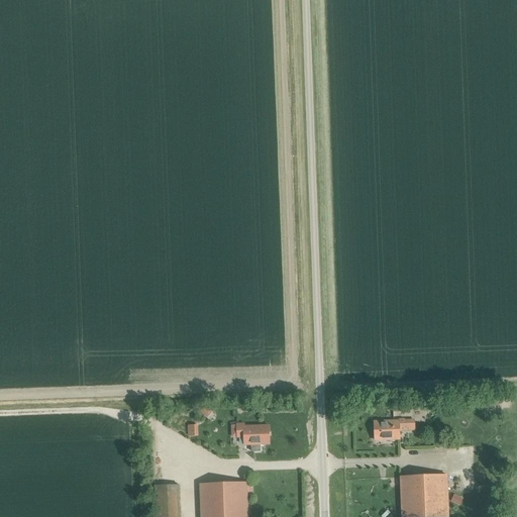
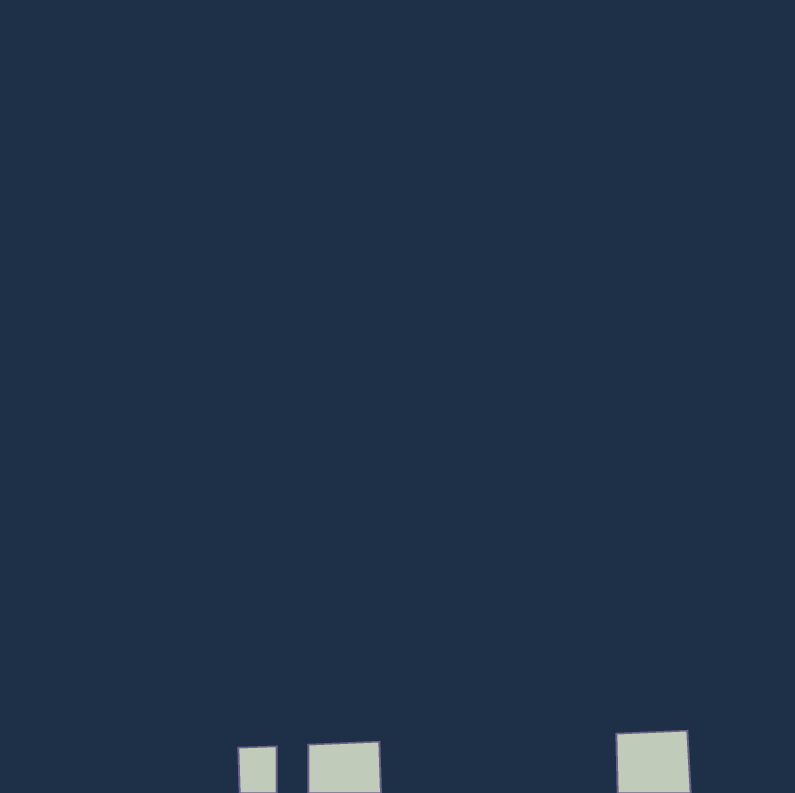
building: [375,420,400,439] -> none
building: [236,423,269,444] -> none

